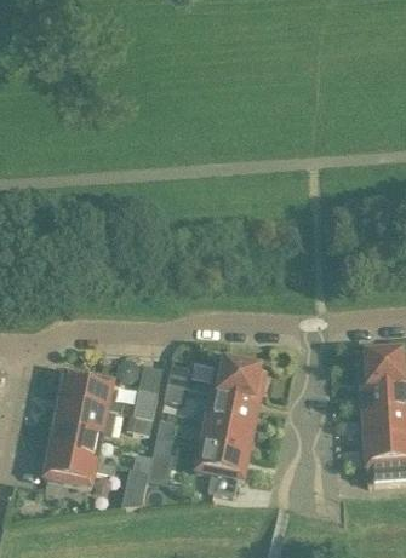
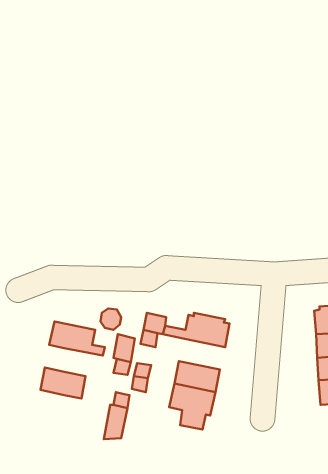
building: [207,392,259,427] -> none
building: [56,399,121,437] -> none
building: [45,450,115,487] -> none

